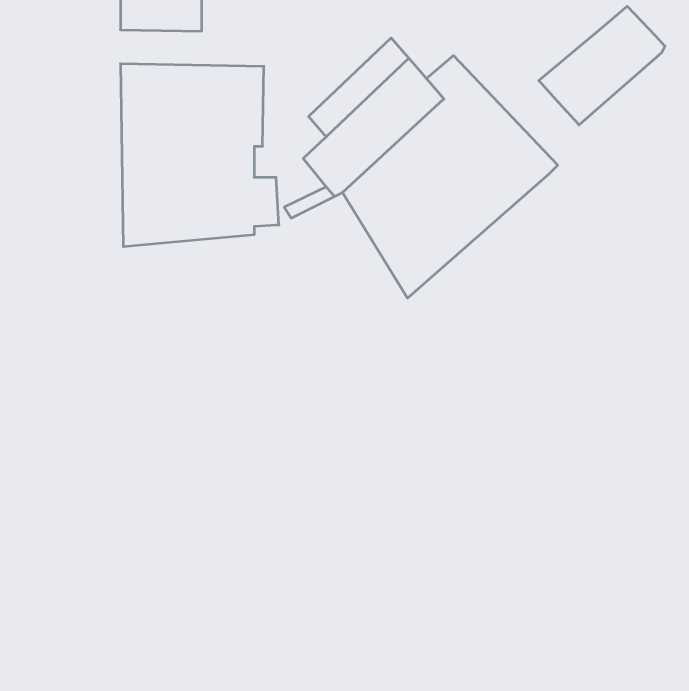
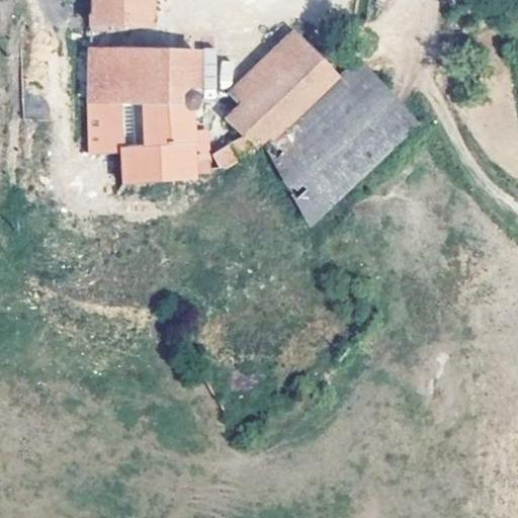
building: [539,6,665,125] -> none

